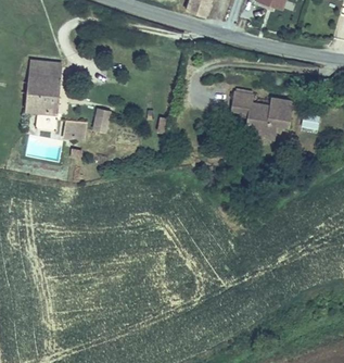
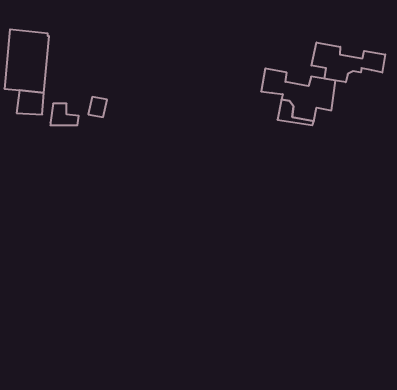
building: none -> [311,42,385,82]

